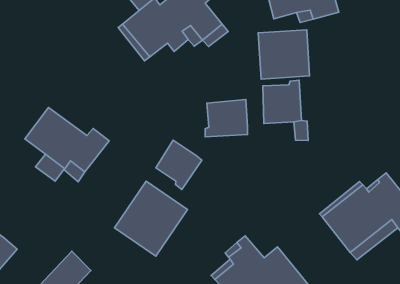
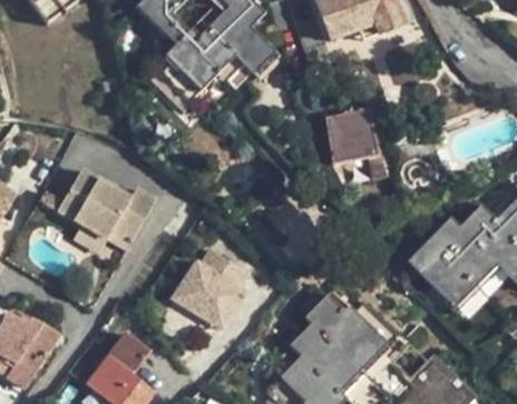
building: [258,30,310,79] -> none
building: [205,100,248,137] -> none
building: [156,140,202,189] -> none

